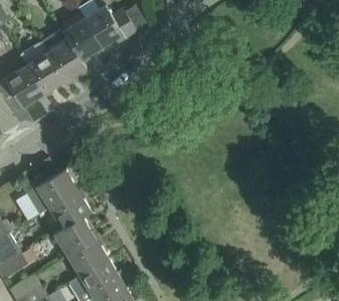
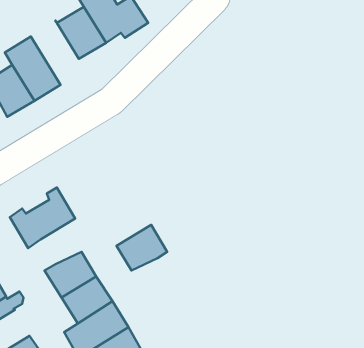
building: [41,30,86,82] -> none
building: [49,190,91,228] -> [117,225,167,271]

